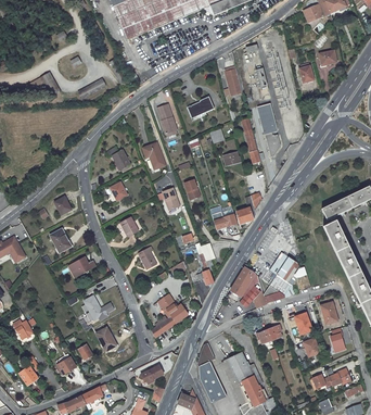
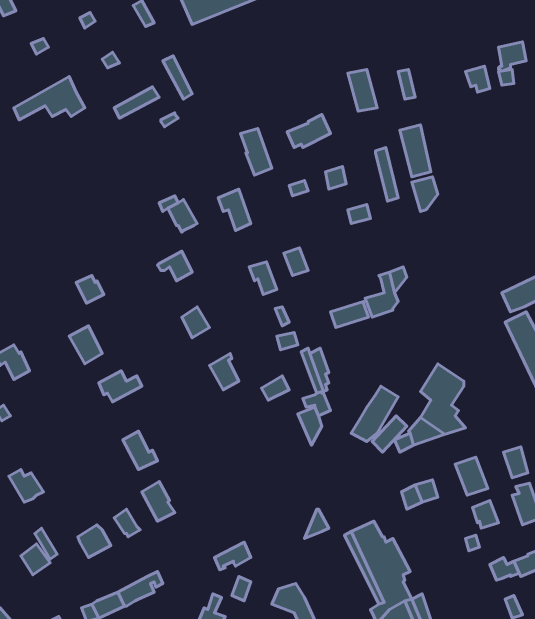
building: [151,293,188,337] -> none
building: [197,360,226,401] -> none

